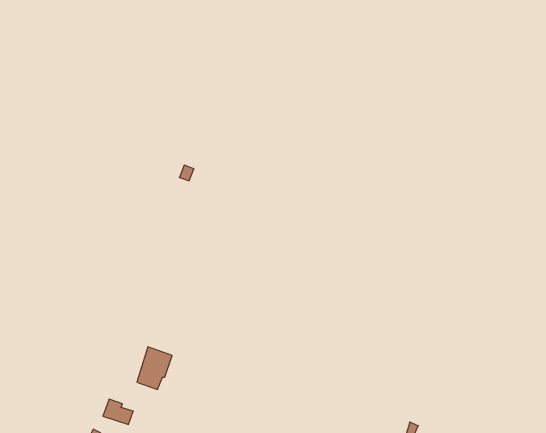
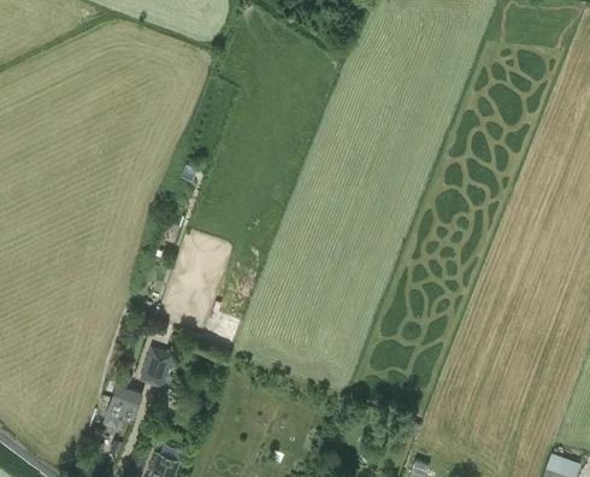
building: none -> [111,375,141,412]

